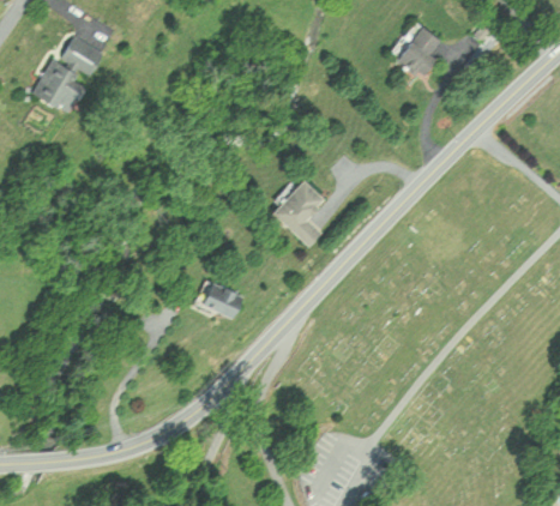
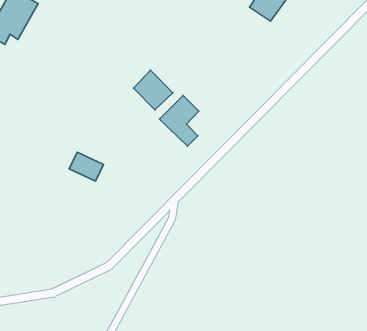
building: none -> [134,70,173,110]
building: [198,281,245,320] -> [69,152,103,181]

